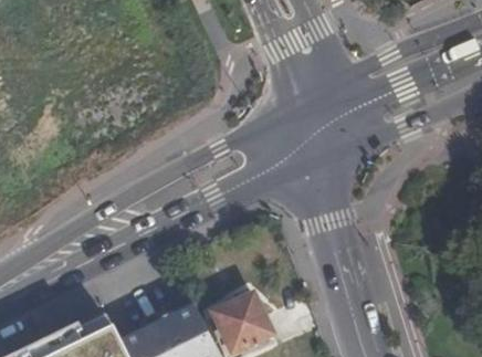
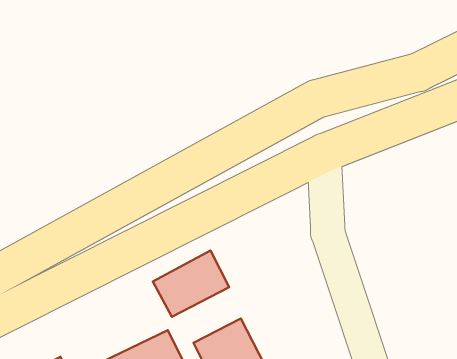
building: none -> [153,250,229,317]

